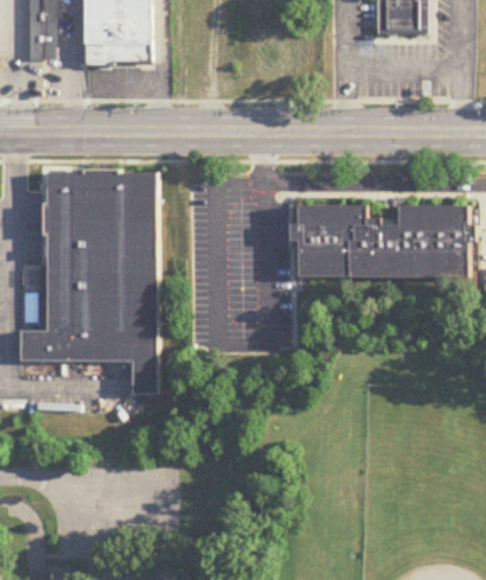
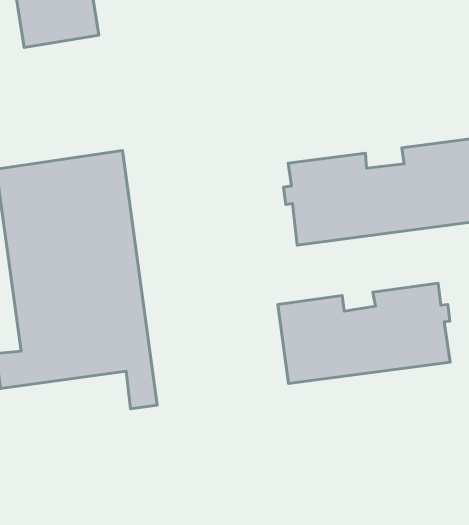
building: none -> [278,283,450,383]

